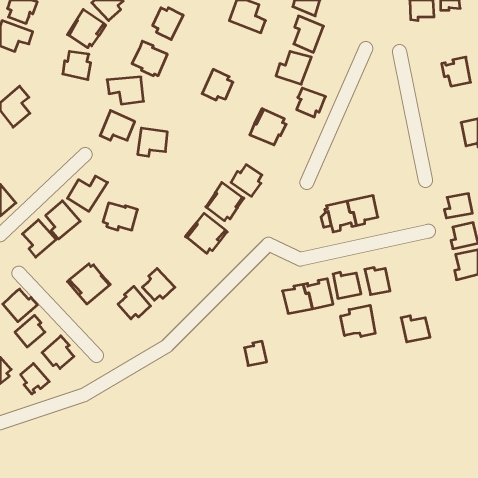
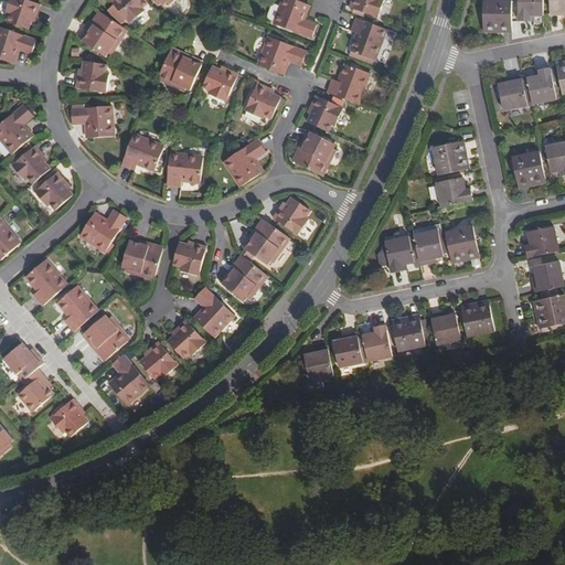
building: [153,8,183,40] -> [199,65,235,103]
building: none -> [254,35,303,75]
building: none -> [497,75,532,108]
building: [107,77,144,104] -> [70,104,113,136]
building: [297,88,326,117] -> [306,94,340,128]
building: none -> [223,142,265,188]
building: none -> [11,143,49,182]
building: none -> [434,145,471,175]
building: none -> [511,150,545,181]
building: none -> [34,172,68,206]
building: none -> [437,179,472,206]
building: none -> [446,227,478,263]
building: [46,201,80,239] -> [57,285,98,330]
building: none -> [172,238,206,275]
building: none -> [193,284,233,332]
building: none -> [109,352,149,403]
building: [341,305,375,337] -> none
building: [401,316,430,342] -> [461,308,495,339]
building: [244,341,267,366] -> [308,353,334,382]
building: [21,363,49,394] -> none

